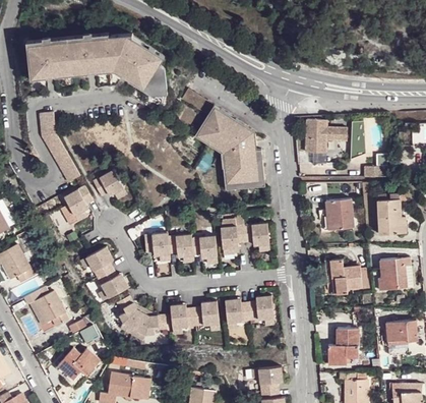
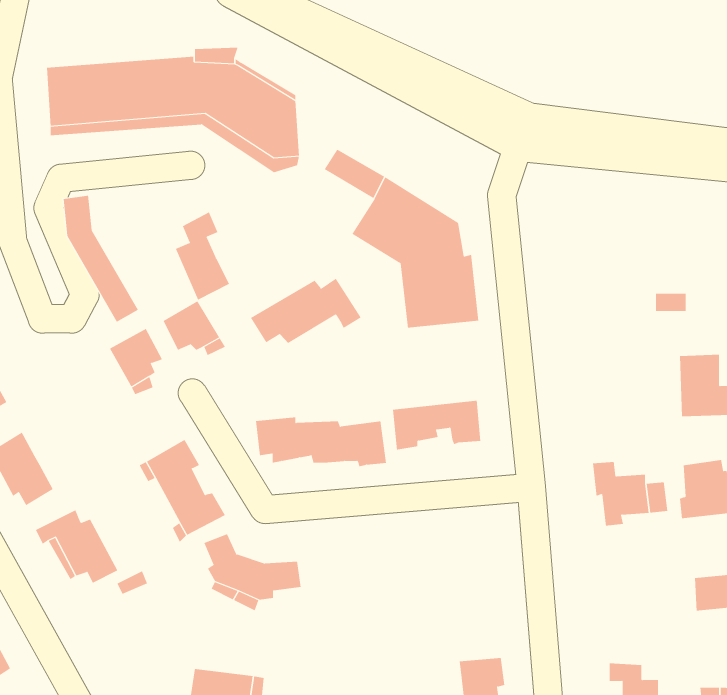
building: [305,119,347,153] -> none
building: none -> [175,212,230,300]
building: none -> [250,278,361,344]
building: [325,199,353,230] -> none
building: [223,296,272,325] -> none
building: [168,300,218,329] -> none
building: [327,329,358,358] -> none
building: [57,348,100,380] -> none

